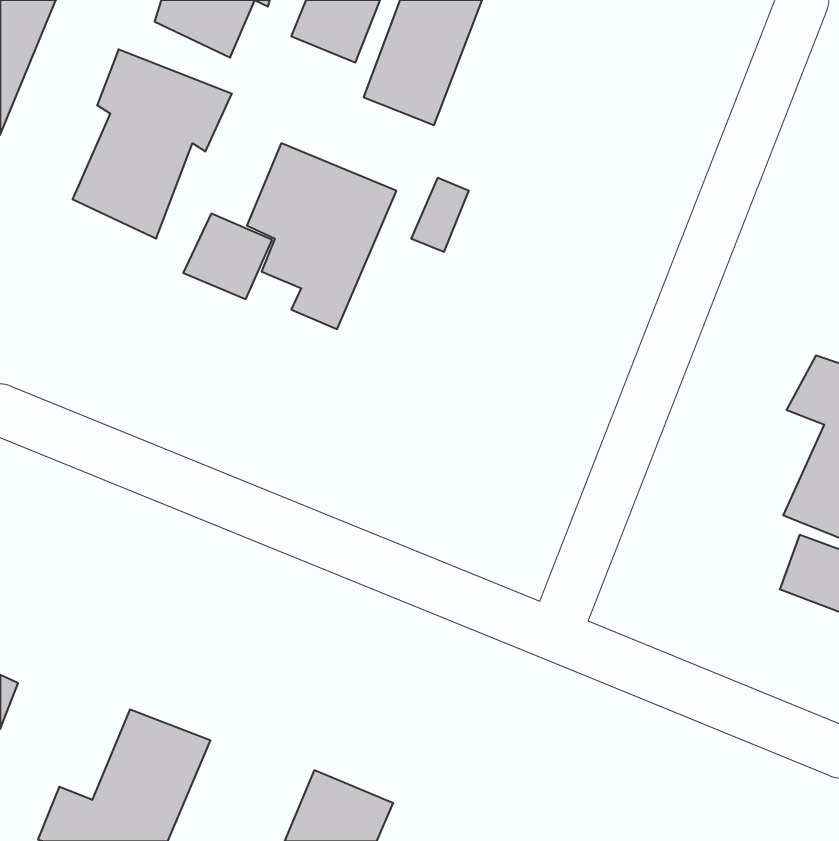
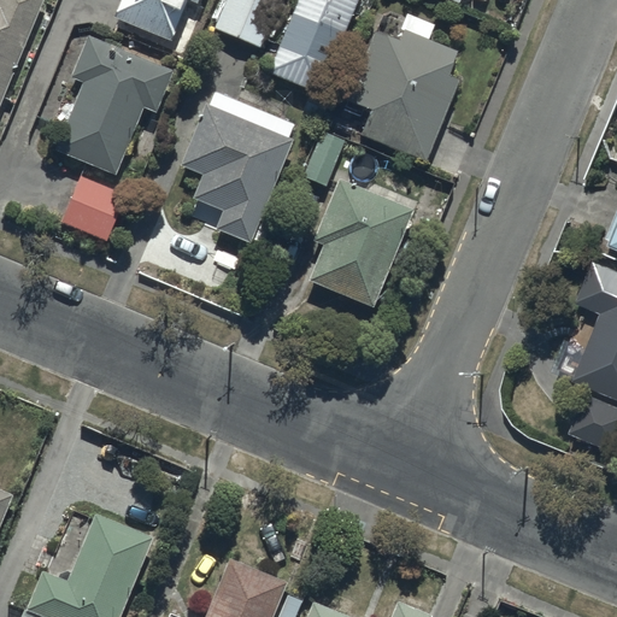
building: none -> [348,30,458,159]
building: [183,214,272,299] -> [59,175,124,237]
building: none -> [310,180,411,305]

